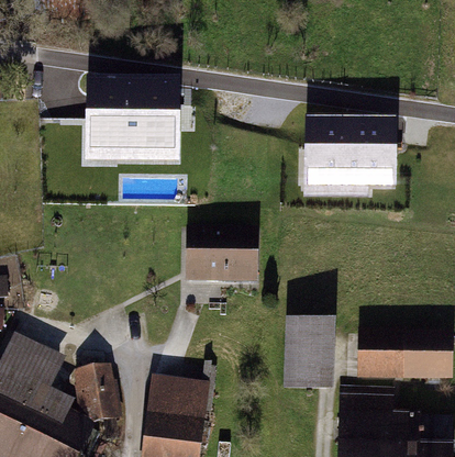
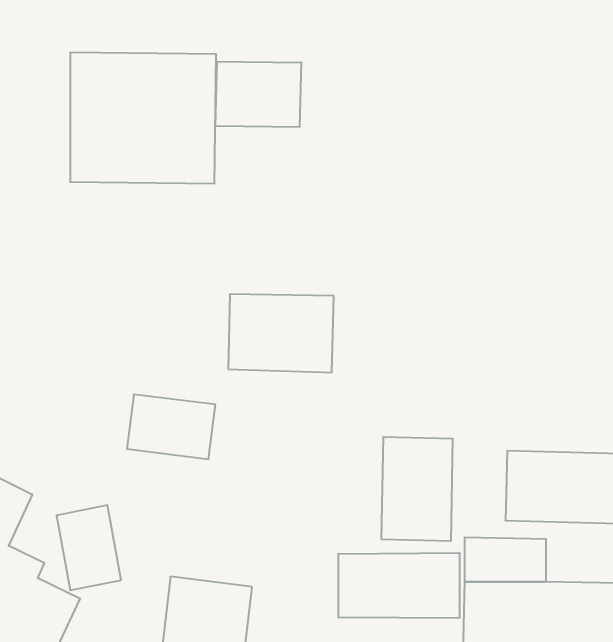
building: none -> [215,61,301,127]
building: [307,115,393,182] -> none
building: [151,377,208,419] -> [127,394,215,459]
building: none -> [338,553,459,618]

